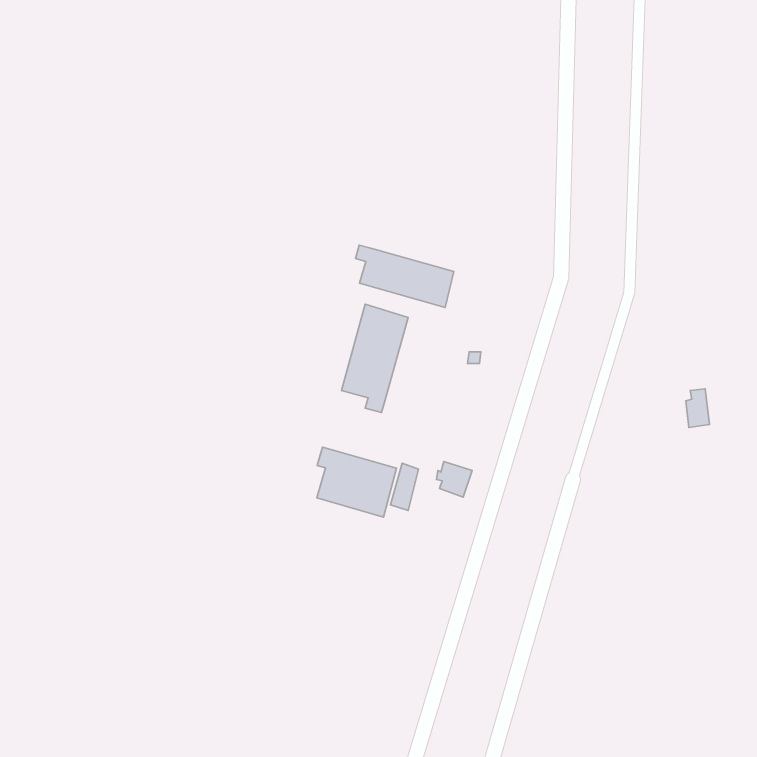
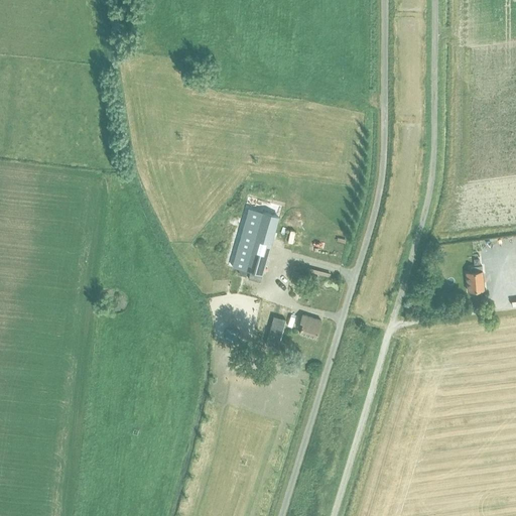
building: [355,245,454,308] -> none
building: [317,447,396,517] -> none

